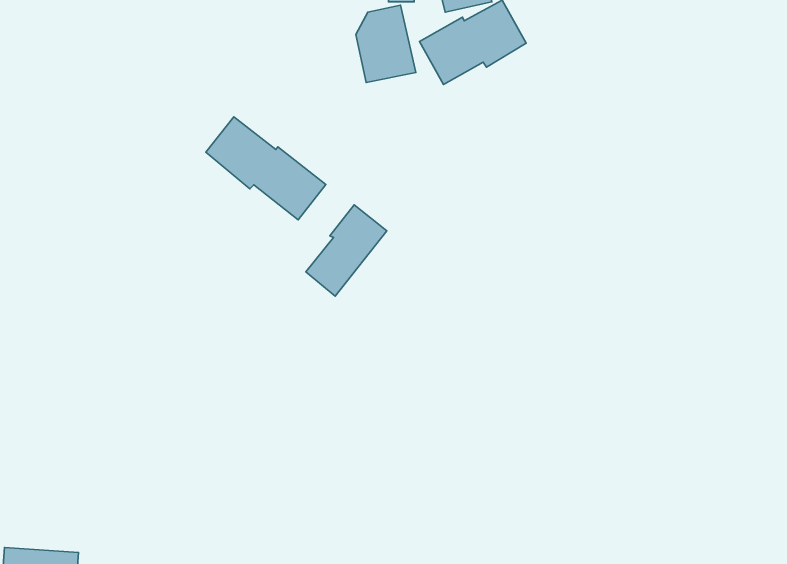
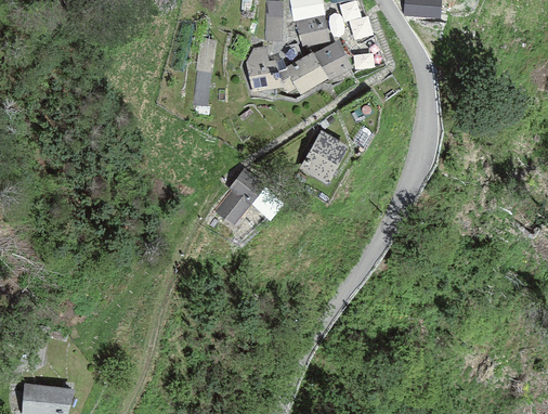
building: [206,117,326,220] -> none
building: none -> [300,130,348,182]

